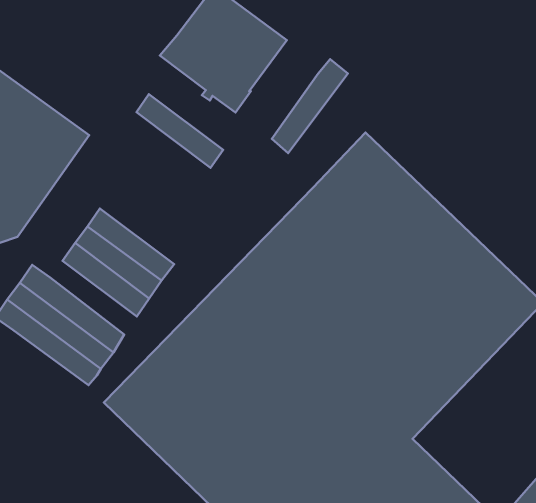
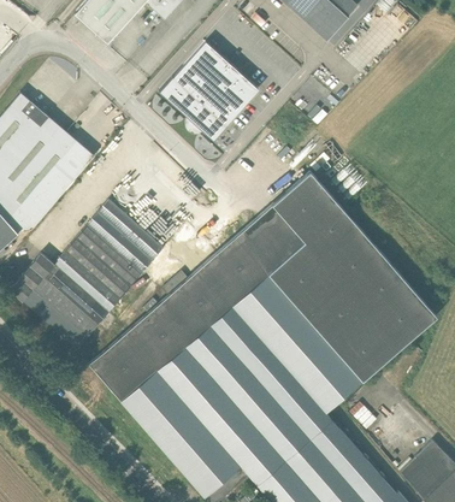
building: [272,59,348,153] -> none
building: [137,94,223,168] -> [98,199,162,260]
building: none -> [54,250,119,312]

